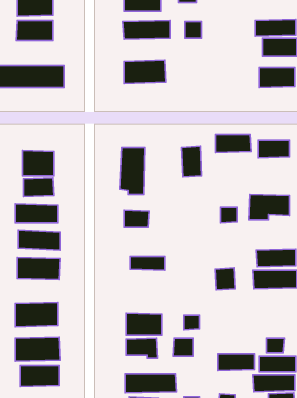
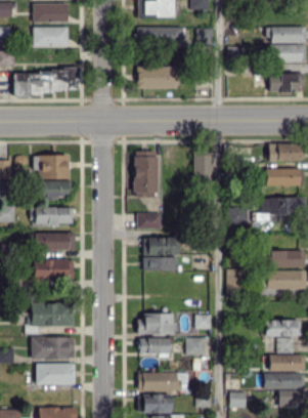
building: [216,135,251,152] -> [266,168,301,185]
building: none -> [144,238,180,255]
building: [218,354,254,371] -> [265,320,301,336]

